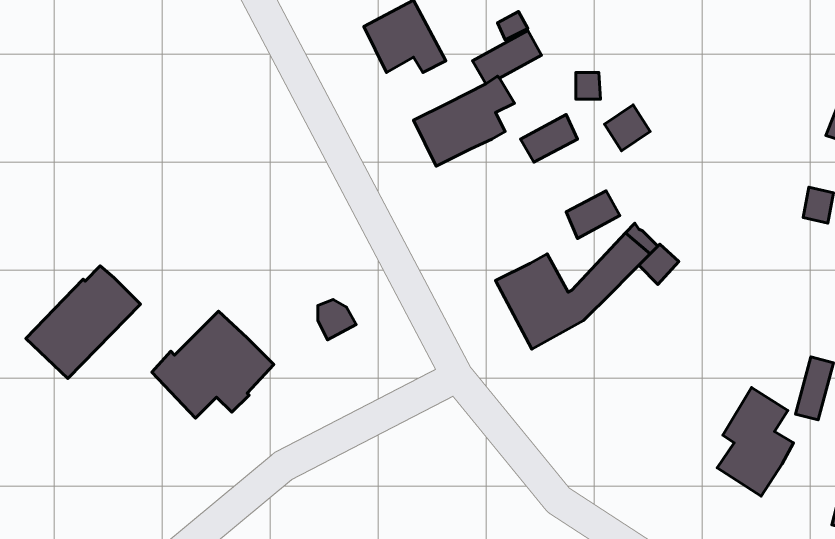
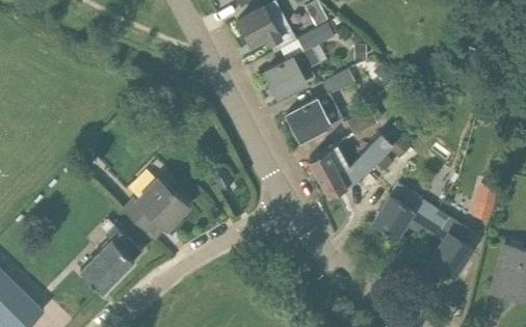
building: none -> [287,99,333,141]
building: [26,266,140,379] -> [80,231,142,293]
building: none -> [373,185,449,243]

